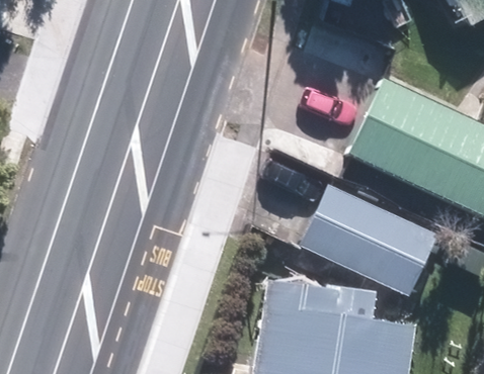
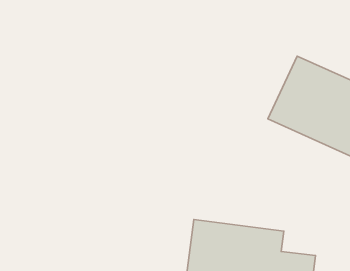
building: [300,184,436,294] -> none

